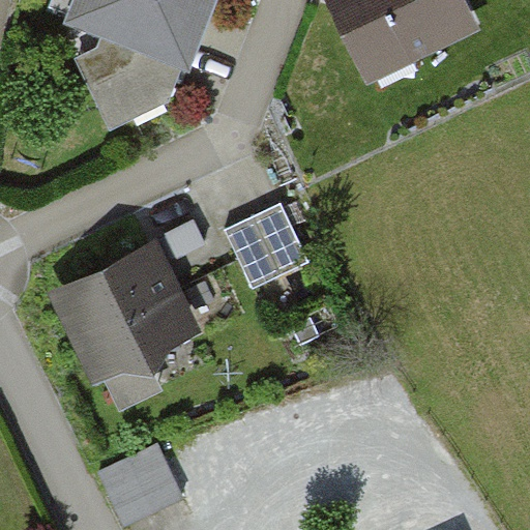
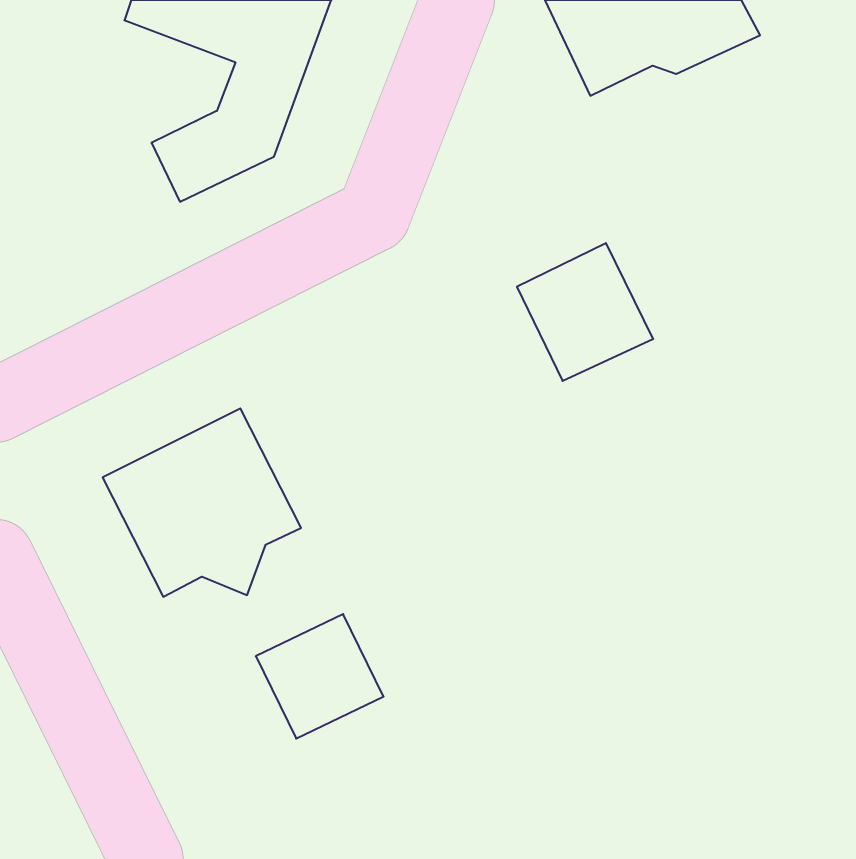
building: [225,202,308,287] -> [517,243,653,381]
building: [100,446,179,523] -> [256,614,384,739]

